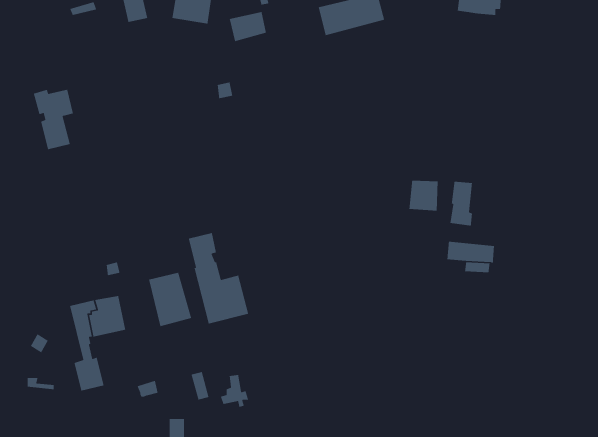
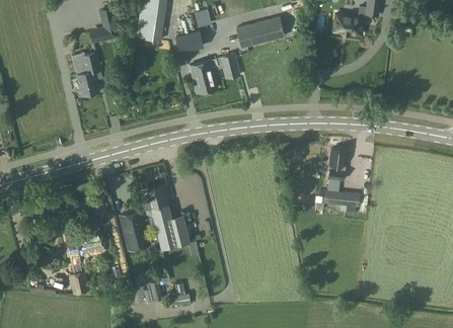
building: none -> [190,54,240,94]
building: [33,89,74,150] -> [72,53,100,95]
building: [408,180,438,212] -> none

